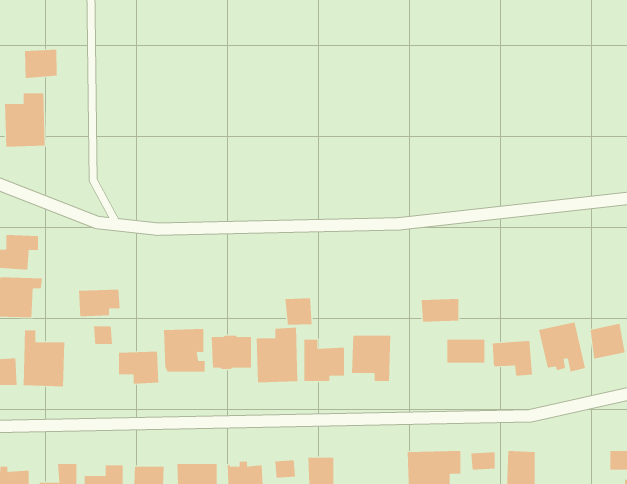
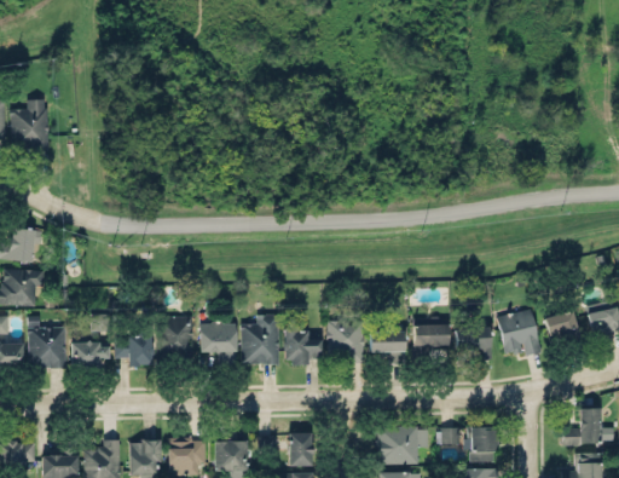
building: [24,49,57,79] -> none
building: [78,289,121,317] -> [71,341,110,367]
building: [285,298,312,325] -> none
building: [421,298,459,322] -> [369,332,404,353]

